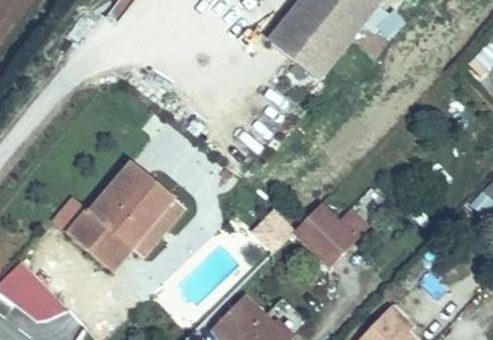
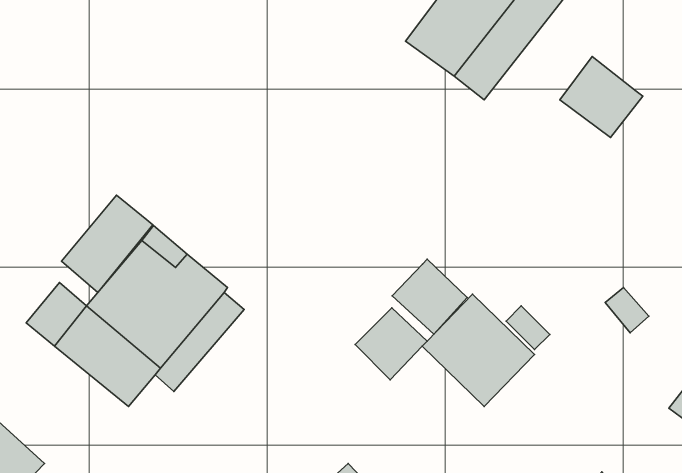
building: none -> [560,56,643,138]
building: none -> [62,195,153,292]
building: none -> [392,259,467,334]

